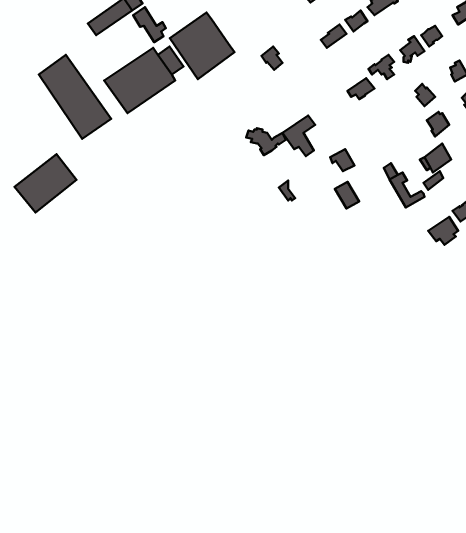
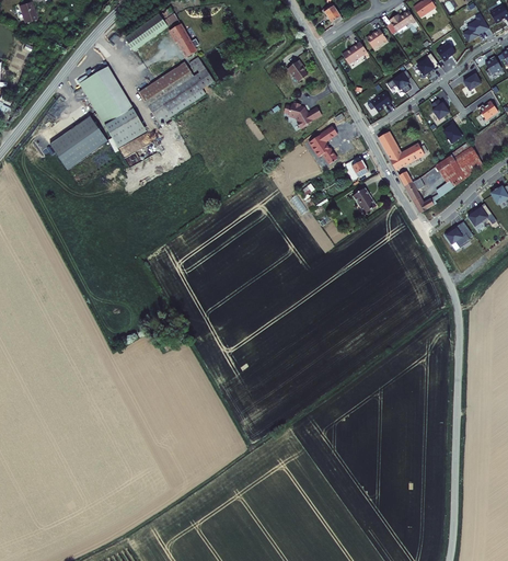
building: [170,12,235,79] -> none
building: none -> [380,133,430,171]
building: [246,128,286,155] -> [282,103,320,128]
building: [15,154,76,212] -> [48,117,106,172]

